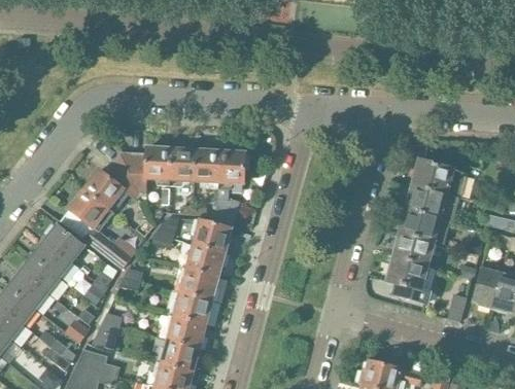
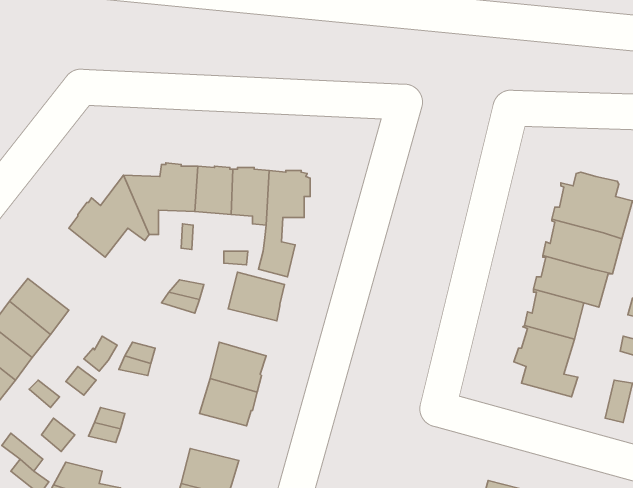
building: [70,190,139,268] -> none
building: [186,245,226,277] -> none
building: [167,316,205,348] -> none

